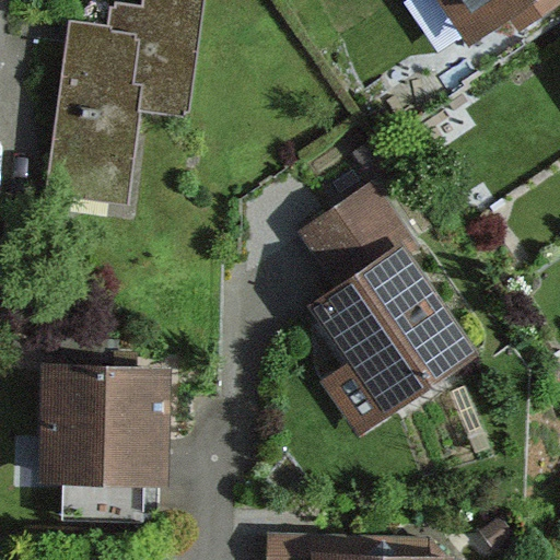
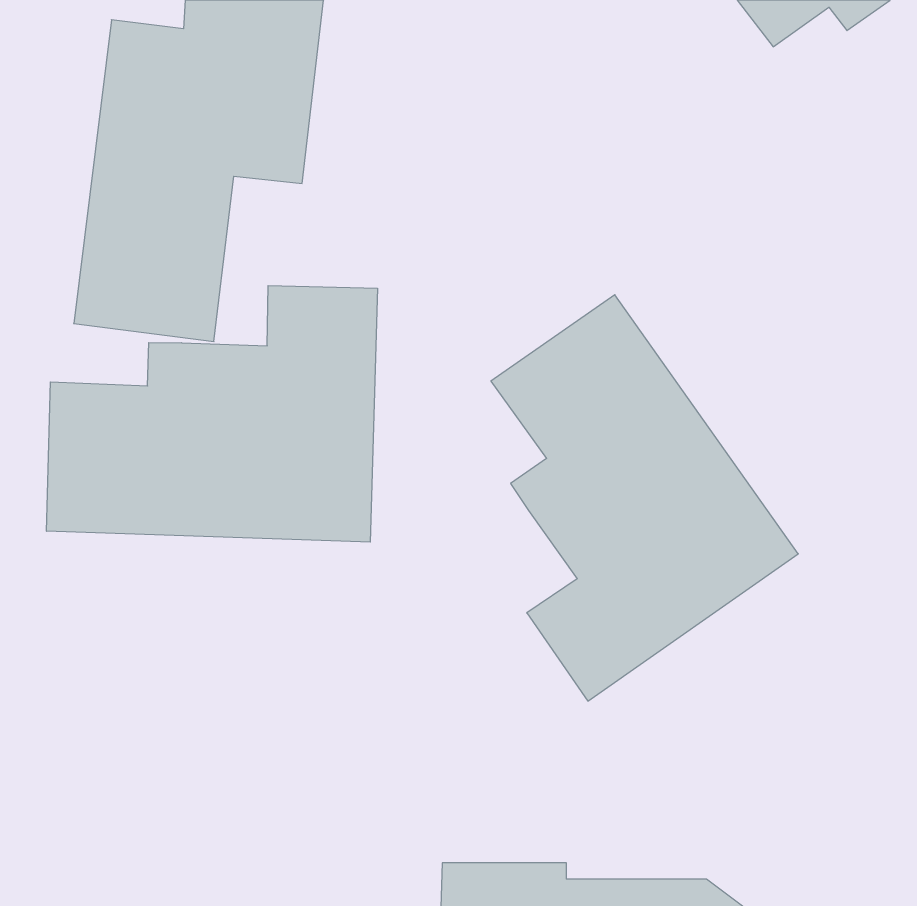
building: none -> [47,286,377,542]
building: [37,359,170,520] -> none

